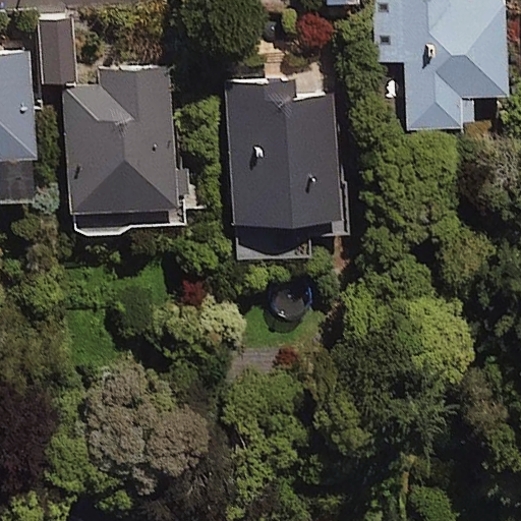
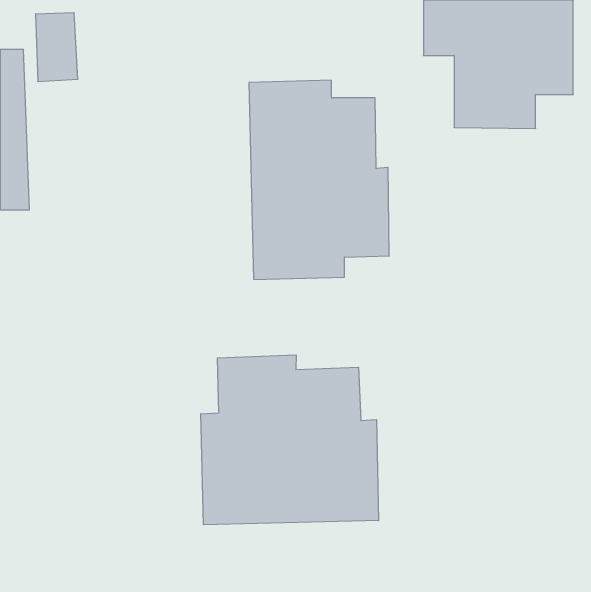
building: [59,65,182,233] -> none
building: none -> [201,355,379,525]

